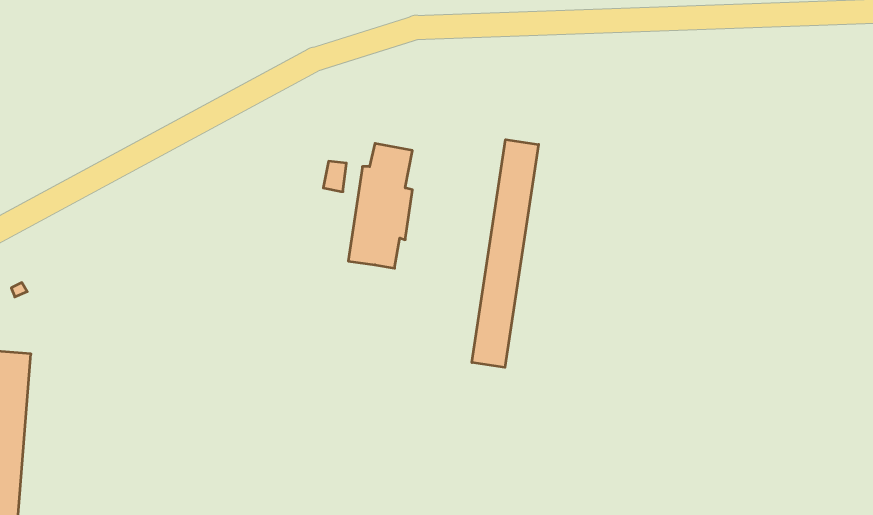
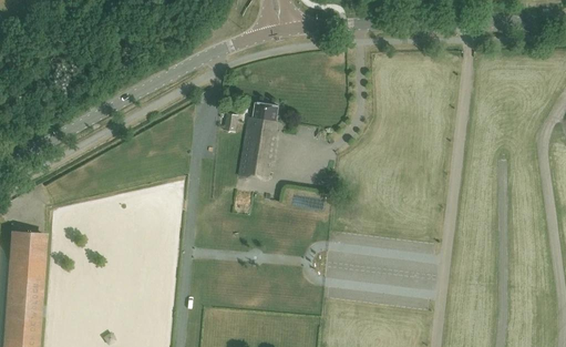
building: [472,140,539,367] -> none

